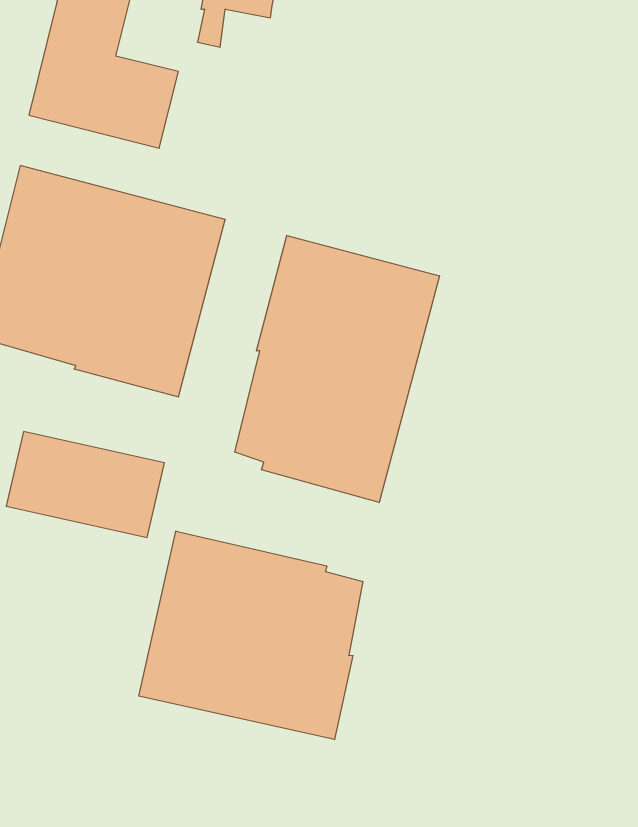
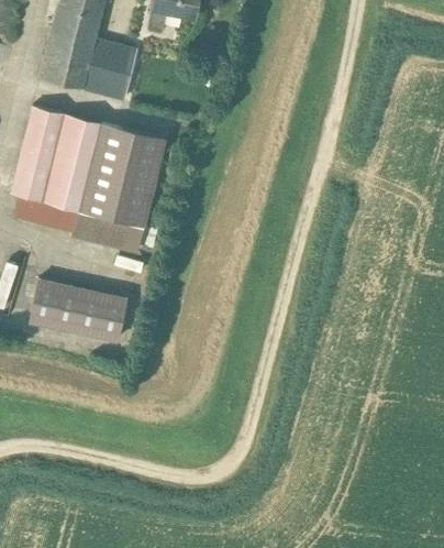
building: [235,235,439,503] -> none
building: [139,531,363,740] -> none

